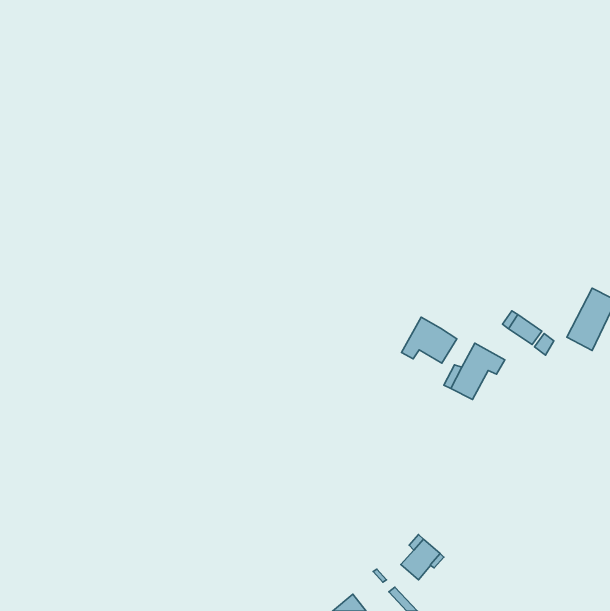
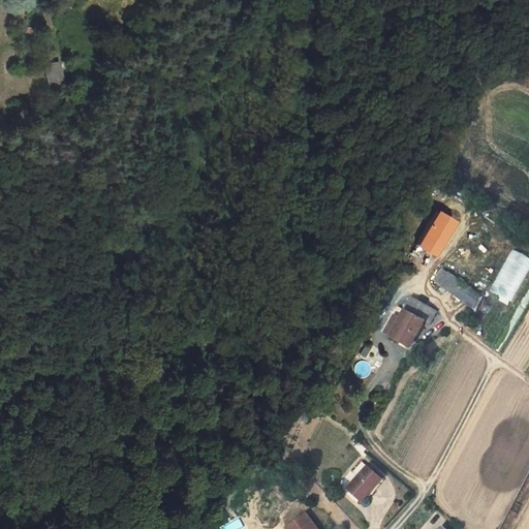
building: none -> [416,210,453,254]
building: [401,317,457,363] -> none

